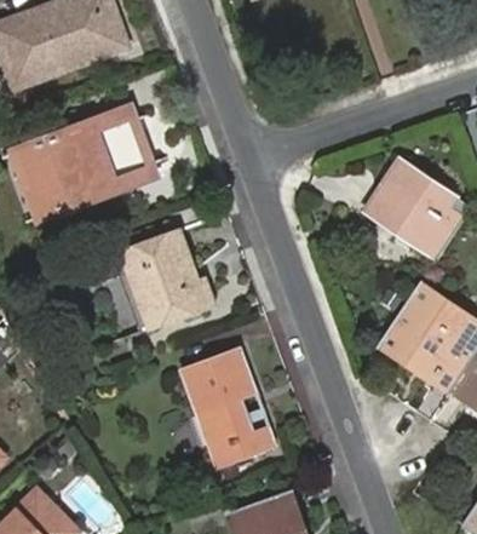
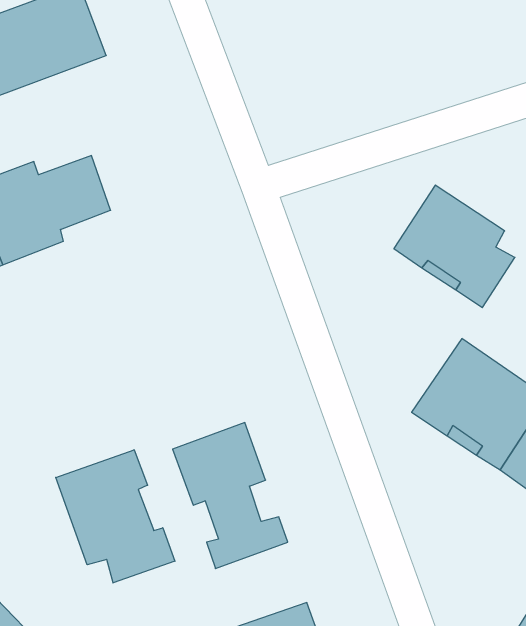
building: [68,113,154,200] -> none
building: [122,230,218,332] -> none
building: none -> [56,450,175,583]

